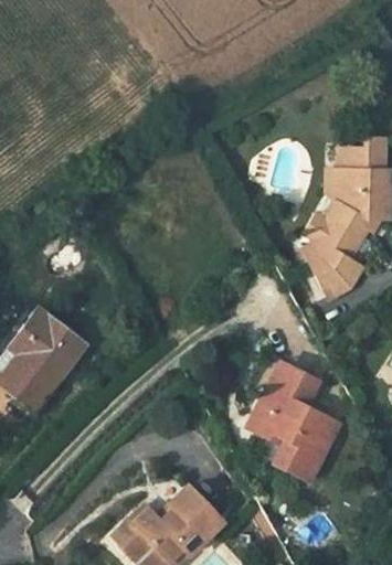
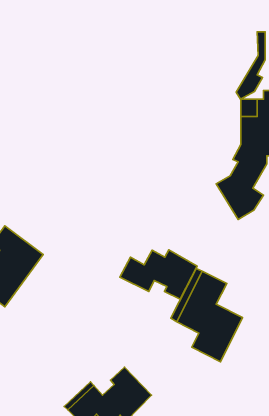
building: [299,170,336,255] -> [236,32,265,99]
building: none -> [120,250,197,299]

